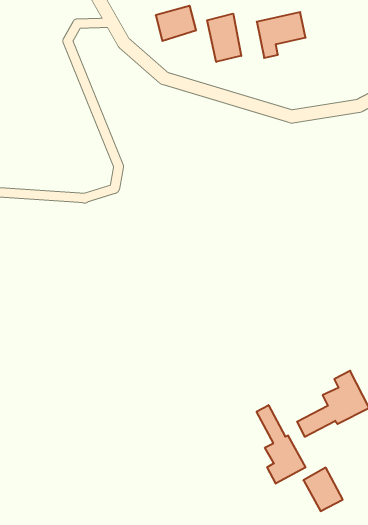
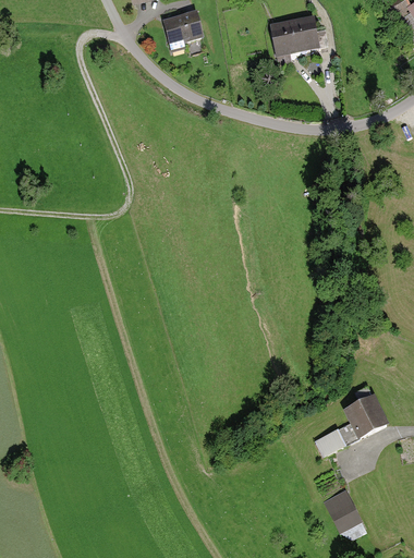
building: [207,14,241,62] -> none
building: [257,405,305,484] -> none

